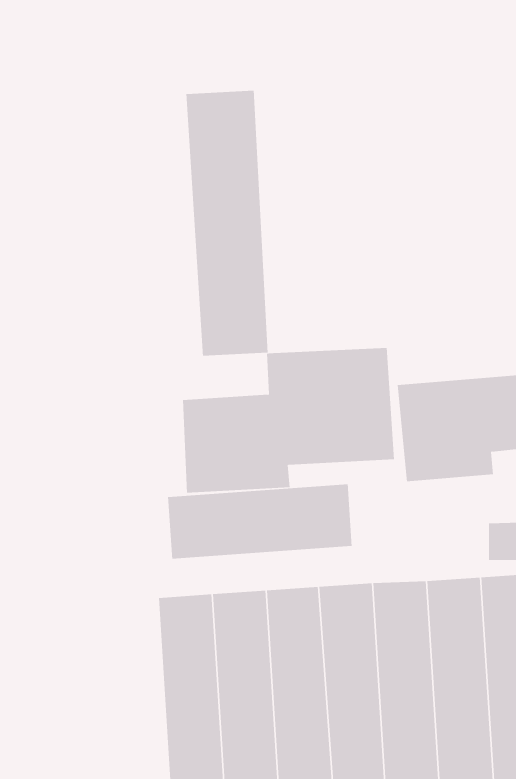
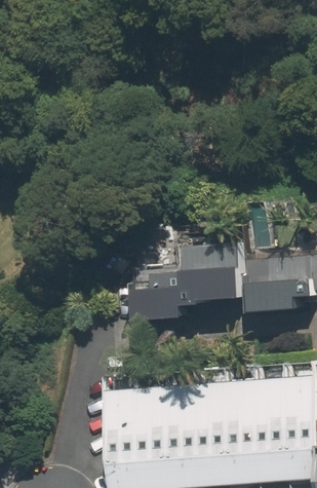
building: [186,90,268,357] -> none
building: [168,483,352,560] -> none

